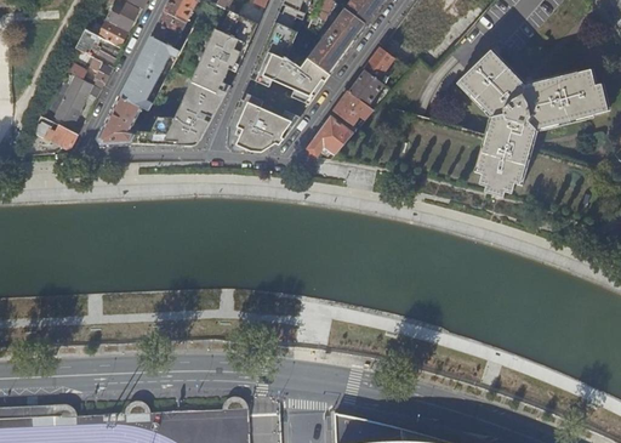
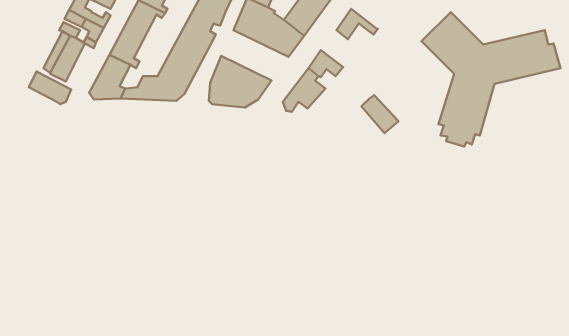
building: [348,70,383,107] -> none
building: none -> [362,95,398,133]

